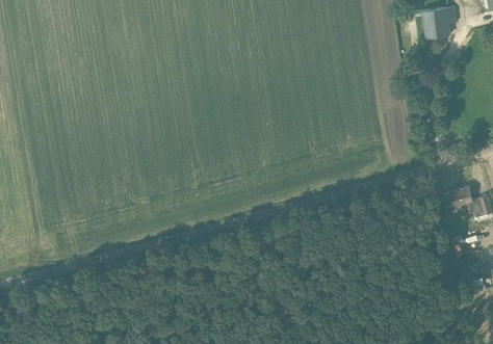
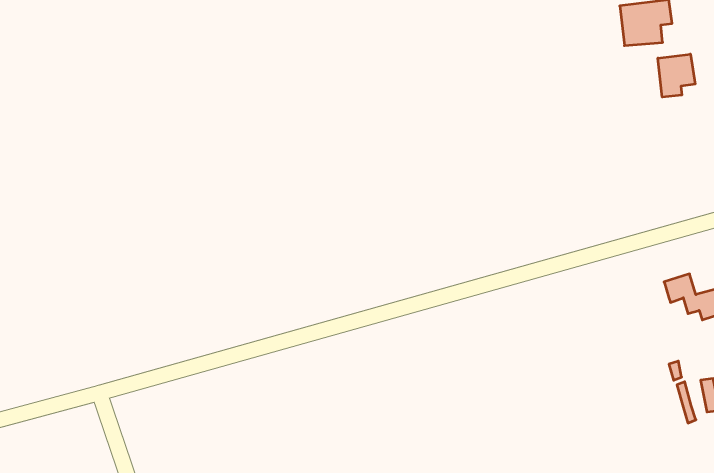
building: none -> [658,54,695,97]

